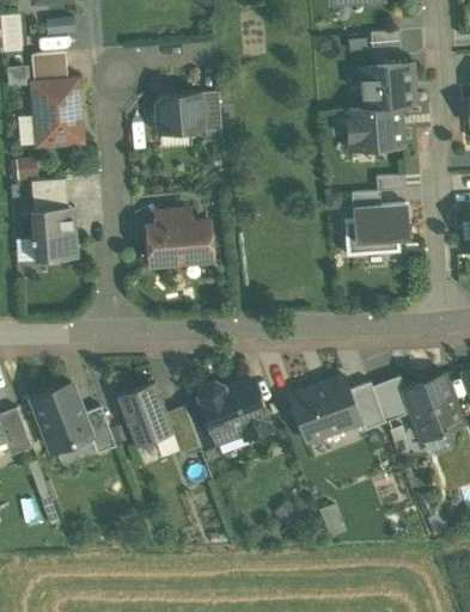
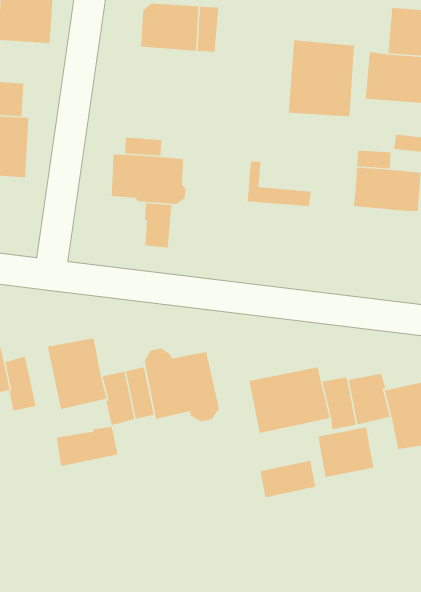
building: none -> [288,39,355,117]
building: [343,220,398,256] -> [247,161,312,207]
building: none -> [144,202,172,248]
building: none -> [317,427,374,478]
building: none -> [56,426,118,467]
building: none -> [260,460,316,498]

